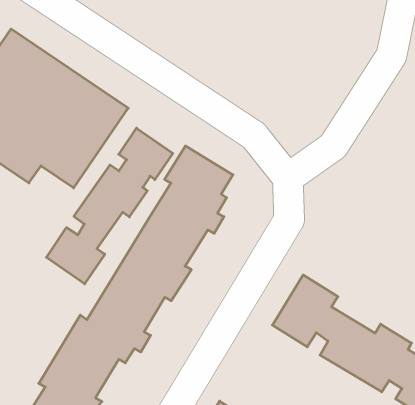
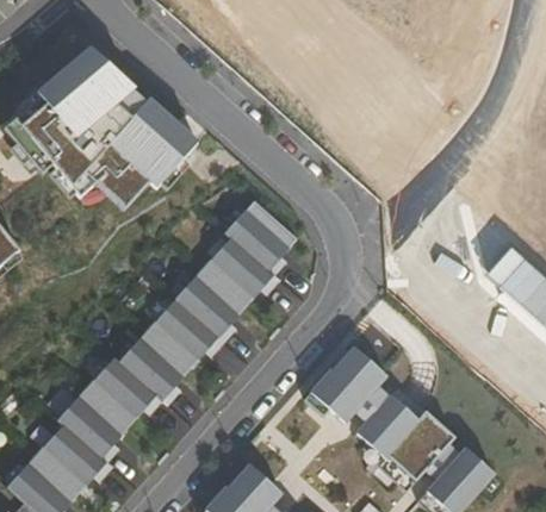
building: [46,128,173,284] -> none

